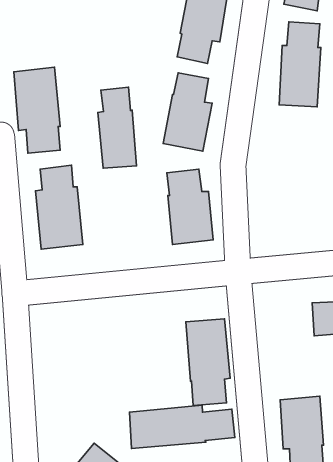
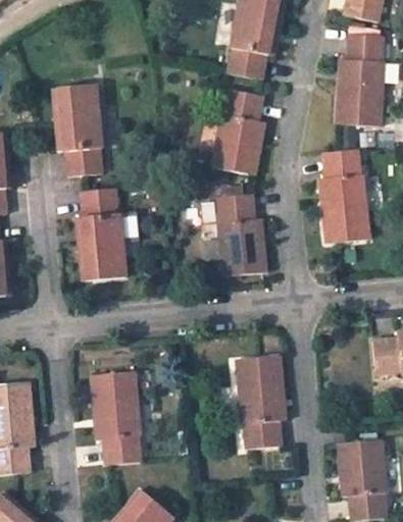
building: [98,87,137,168] -> none
building: none -> [318,150,367,244]
building: none -> [93,371,140,465]
building: [129,405,235,448] -> none

